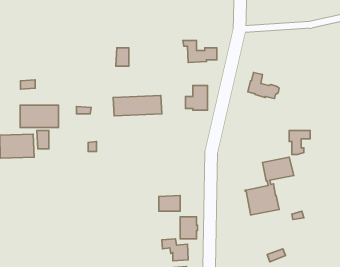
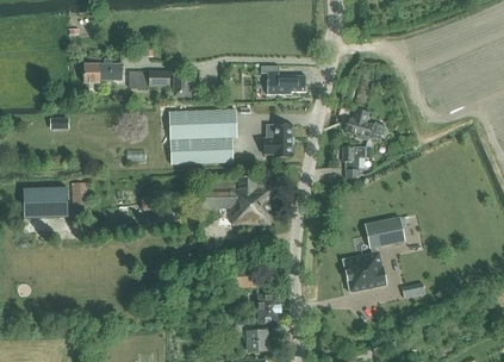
building: none -> [83,60,122,82]
building: none -> [129,70,168,87]
building: none -> [170,108,236,139]
building: [20,105,59,128] -> none
building: none -> [201,176,270,224]
building: [289,130,310,154] -> [342,146,369,177]

